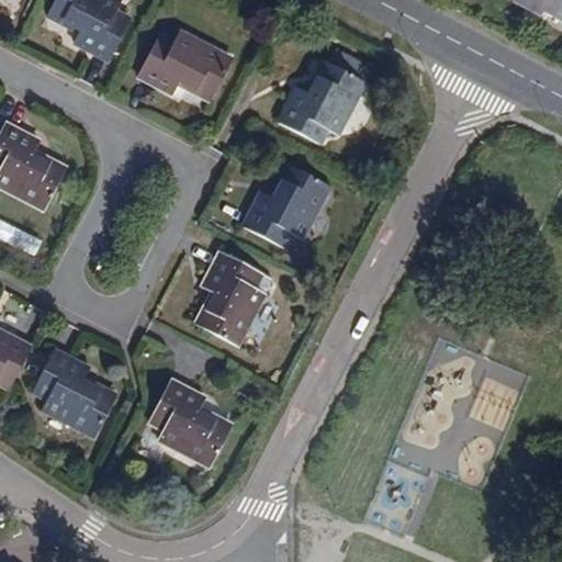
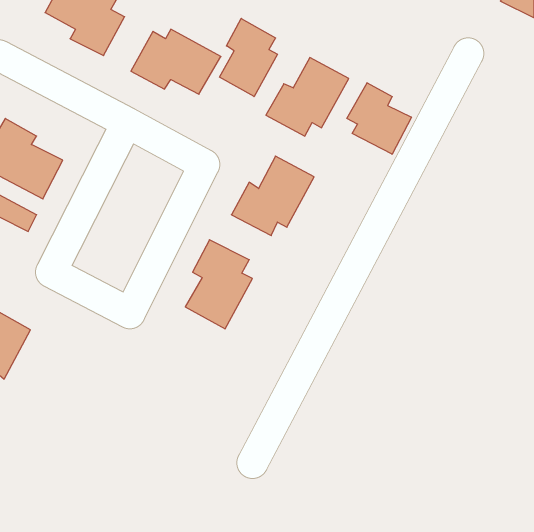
building: none -> [220,18,277,97]
building: none -> [347,83,411,154]
building: [33,351,115,438] -> none
building: [148,382,231,467] -> none

